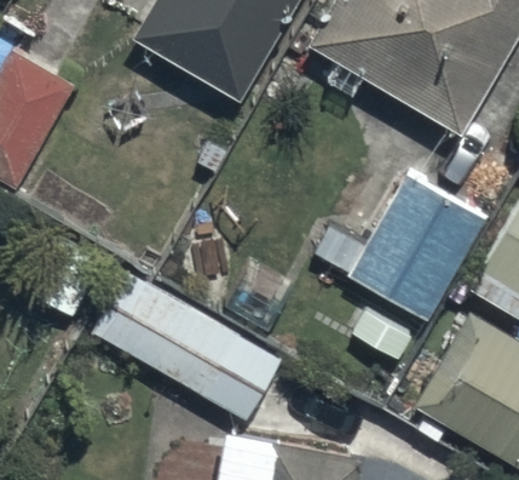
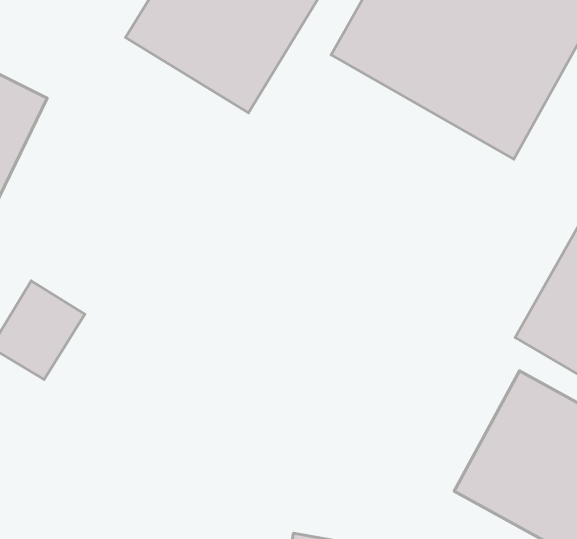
building: [347,170,488,320] -> none
building: [91,272,283,419] -> none

